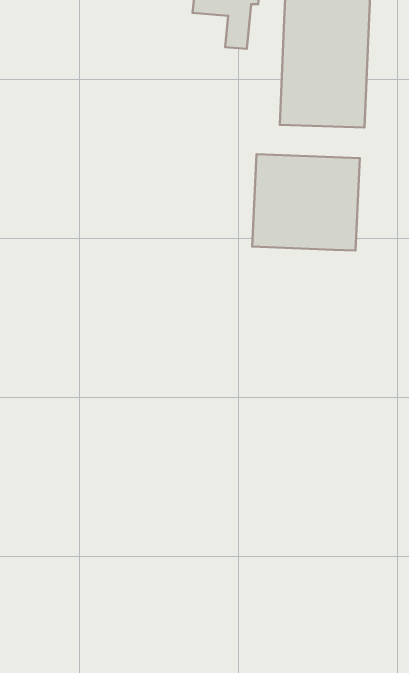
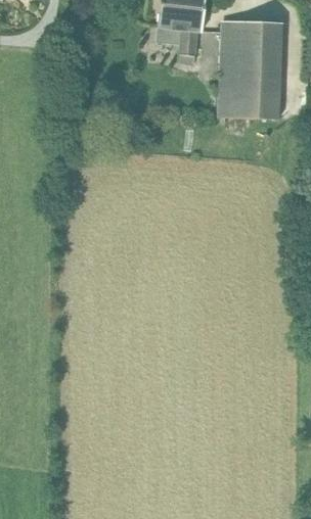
building: [252,154,360,251] -> none

